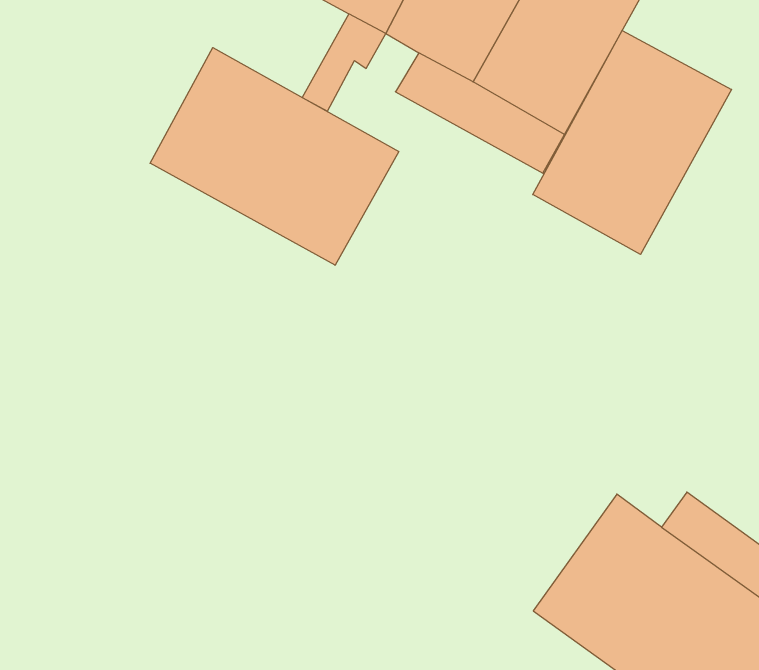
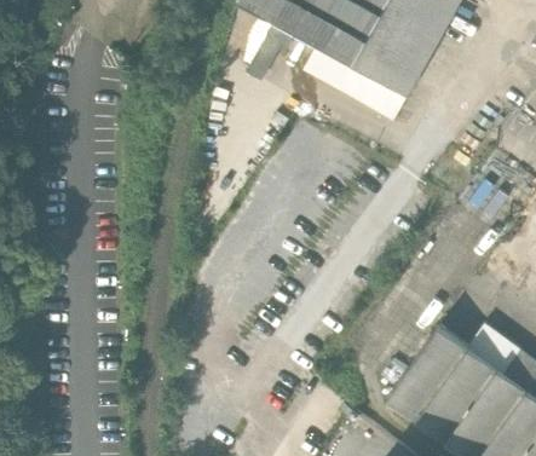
building: [533,30,732,254] -> none
building: [150,48,399,265] -> none

